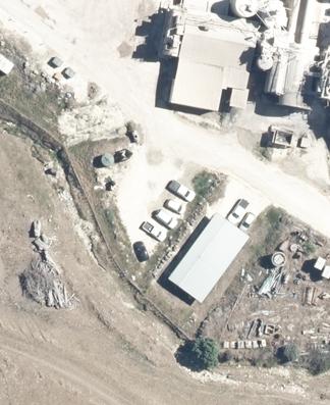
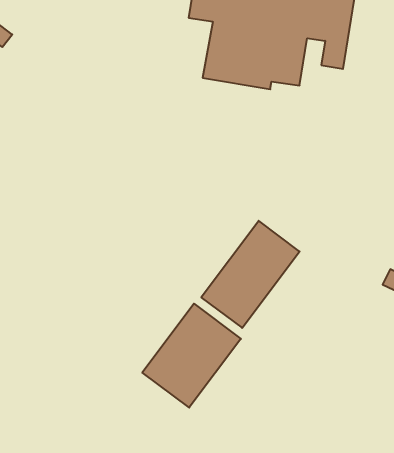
building: none -> [142,304,241,408]

